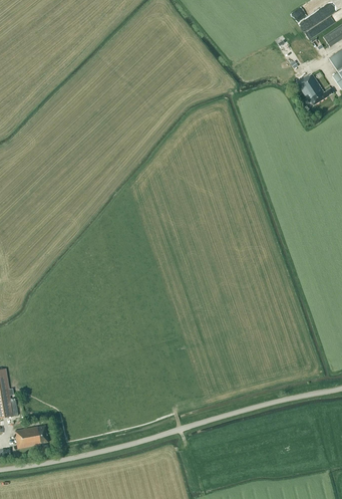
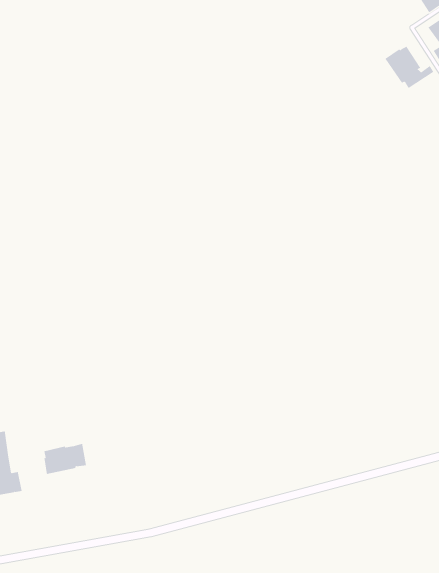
building: [15,425,48,449] -> [44,443,87,475]

